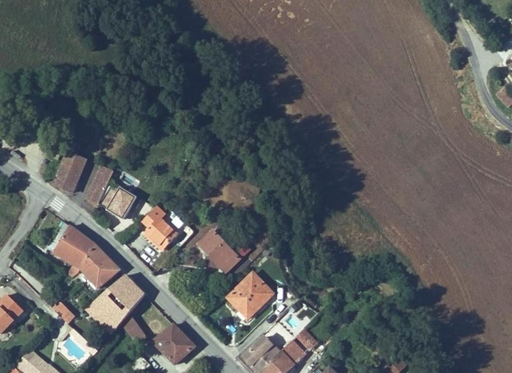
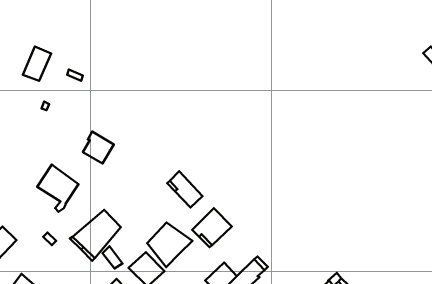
building: [53,152,86,192] -> [23,47,51,81]
building: [85,166,113,204] -> none
building: [142,206,177,249] -> none
building: [80,245,119,288] -> none
building: none -> [147,222,193,267]

